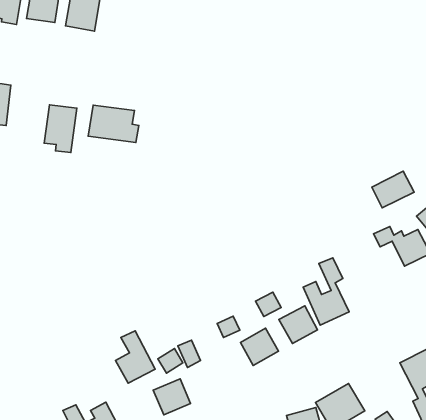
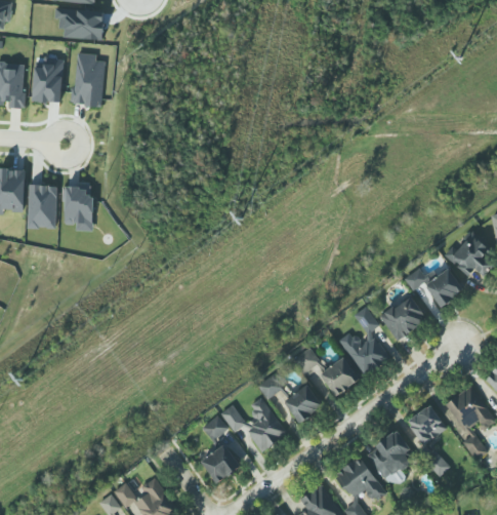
building: none -> [27,185,56,229]
building: [88,105,139,143] -> none
building: [372,171,414,208] -> none
building: none -> [380,298,425,341]
building: [115,331,155,383] -> [245,398,286,451]
building: none -> [406,405,446,445]

